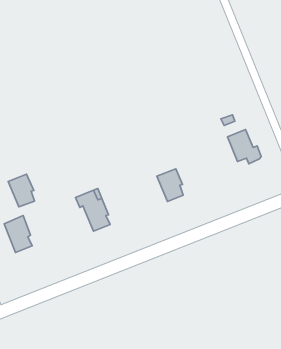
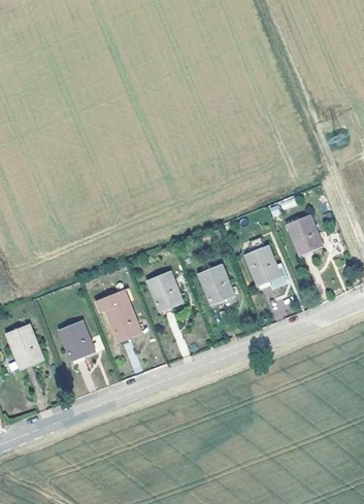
building: none -> [244,245,277,285]
building: [8,174,35,207] -> [59,320,92,361]
building: none -> [146,271,180,311]

